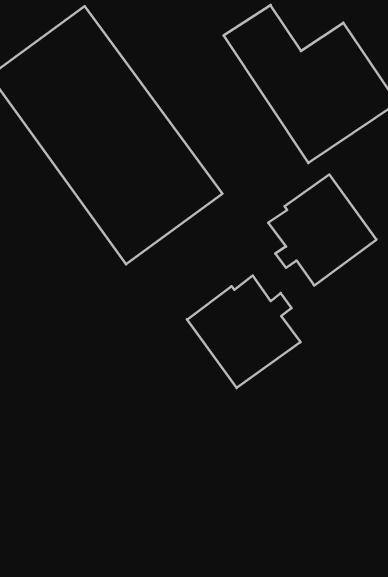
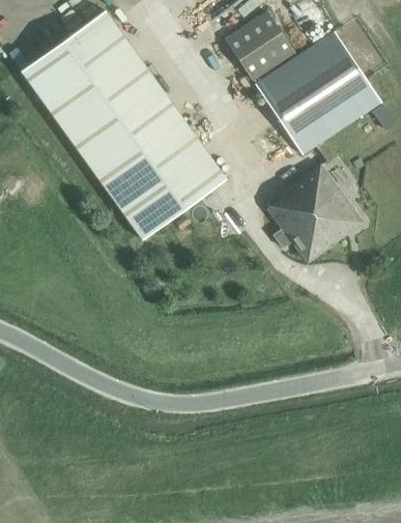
building: [187,276,300,388] -> none

